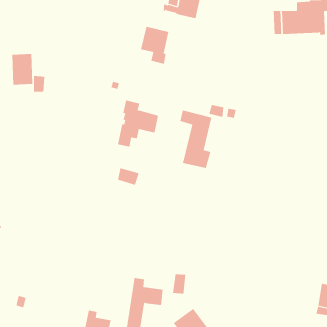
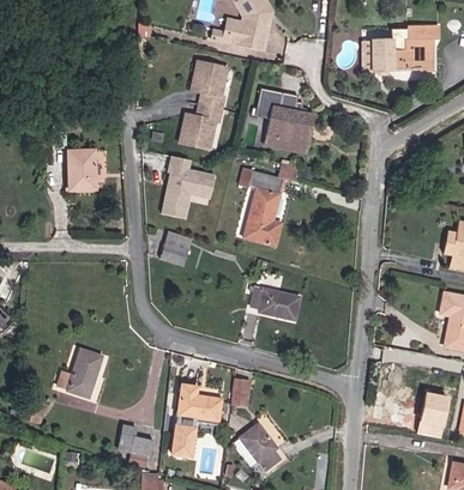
building: none -> [254,89,314,153]
building: [12,54,33,85] -> [68,149,96,189]
building: none -> [180,104,222,149]
building: none -> [251,285,300,319]
building: none -> [58,349,102,397]

